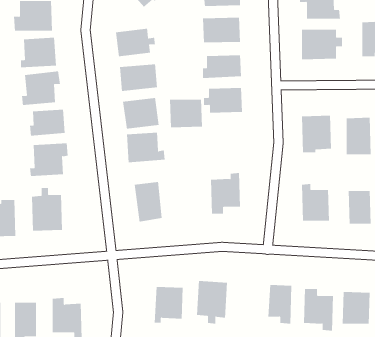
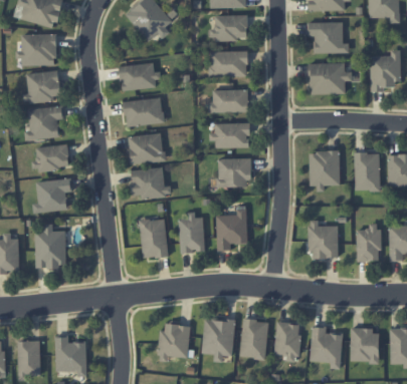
building: [169,99,203,128] -> [216,158,250,187]
building: none -> [178,213,204,253]
building: none -> [240,320,267,359]

